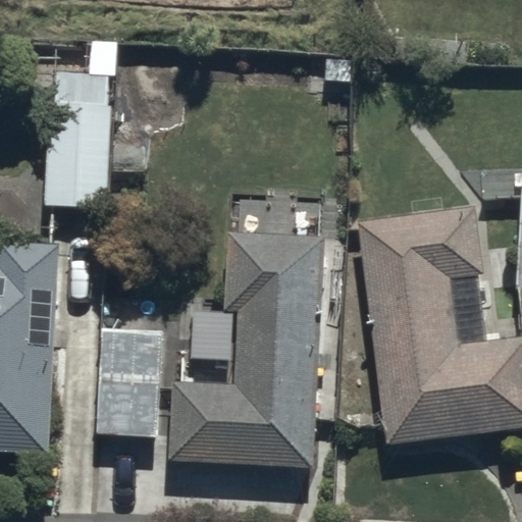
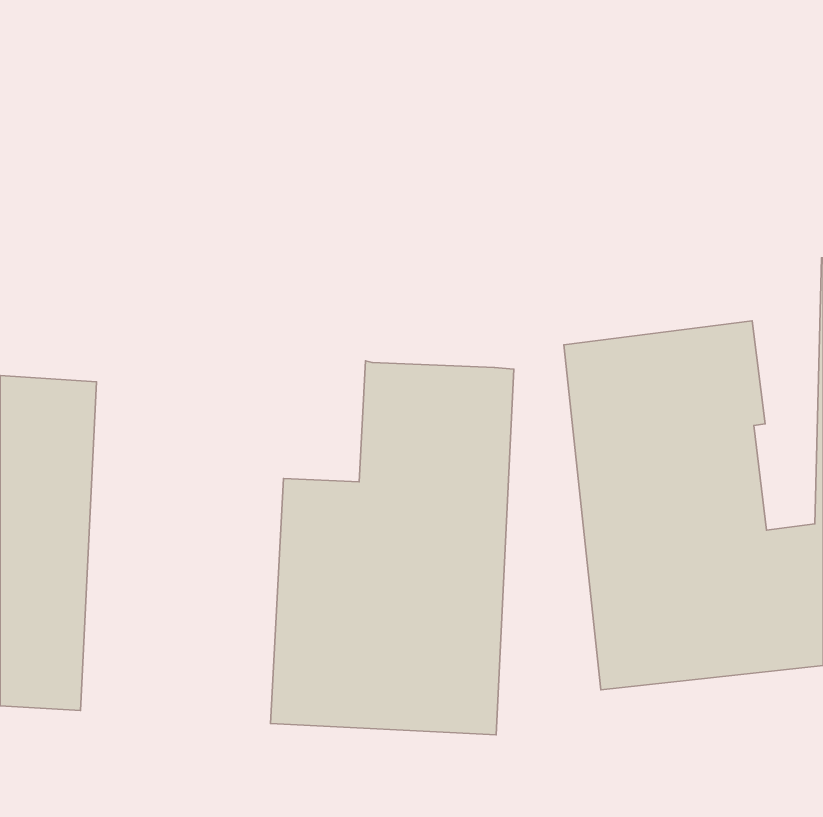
building: [47,46,112,207] -> none
building: [95,330,167,439] -> none

